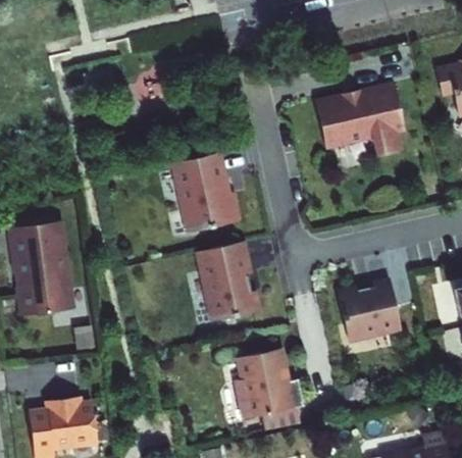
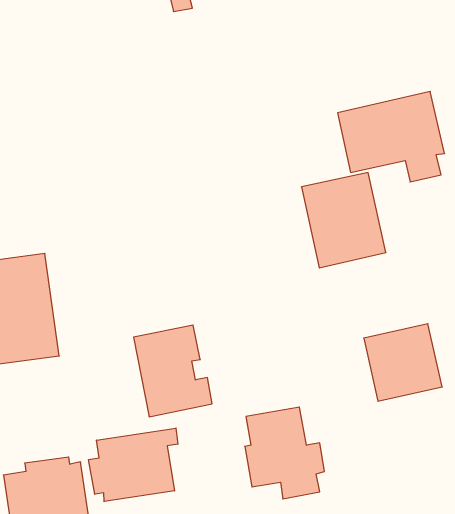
building: [168,151,241,233] -> [301,173,386,268]
building: [195,243,262,321] -> [134,325,212,417]
building: none -> [89,428,178,502]

